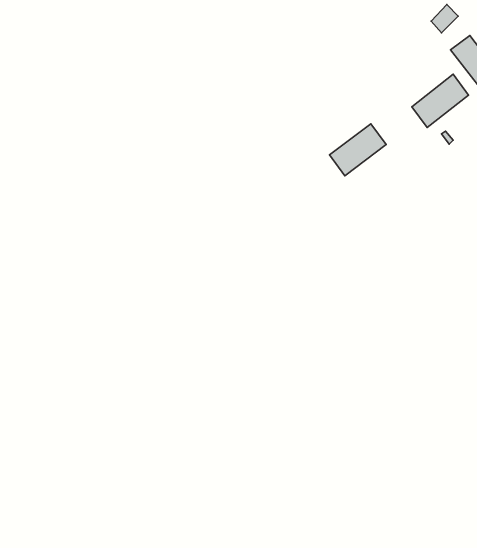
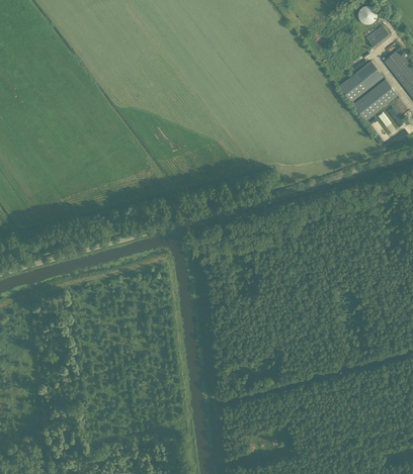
building: [329,124,386,176] -> [338,62,383,102]

